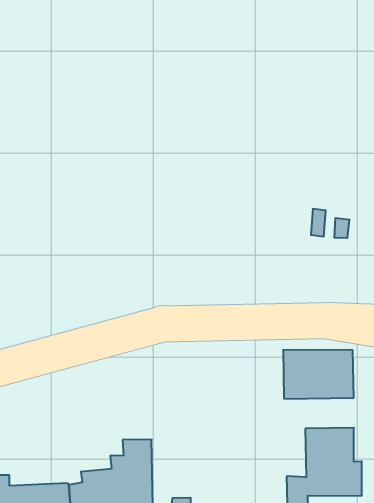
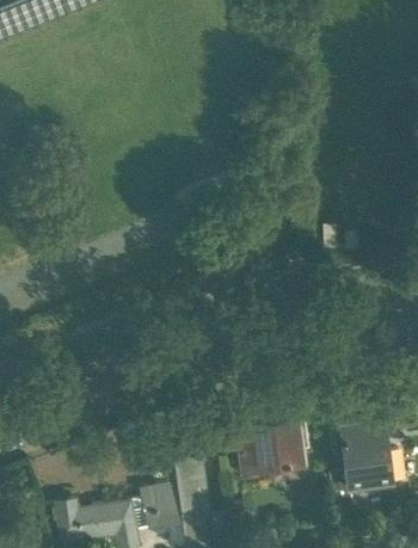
building: [283,350,354,399] -> [234,421,303,473]

